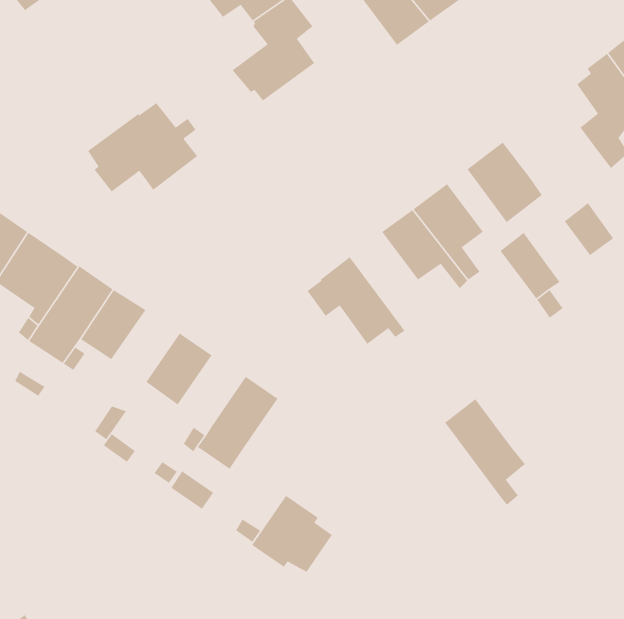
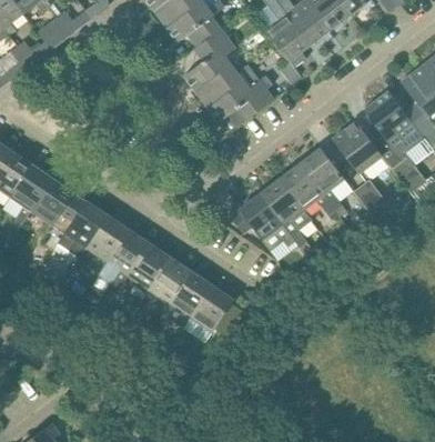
building: none -> [363,91,425,167]
building: [87,102,198,193] -> [203,64,274,122]
building: none -> [98,229,150,289]
building: none -> [149,258,192,303]
building: [444,398,526,506] -> [259,179,311,248]
building: [251,495,333,573] -> [191,285,243,335]

